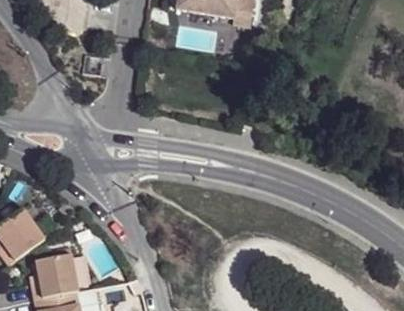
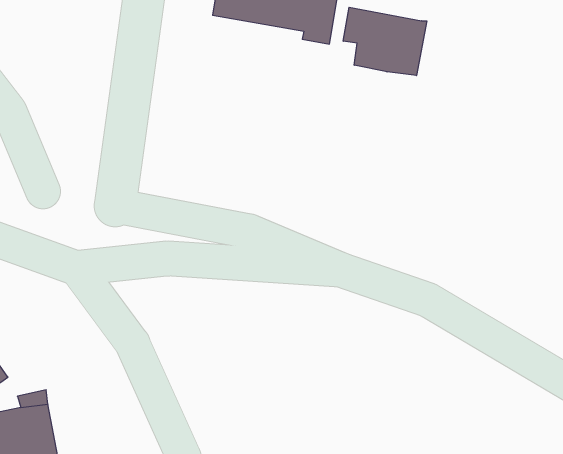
building: none -> [343,7,427,76]

